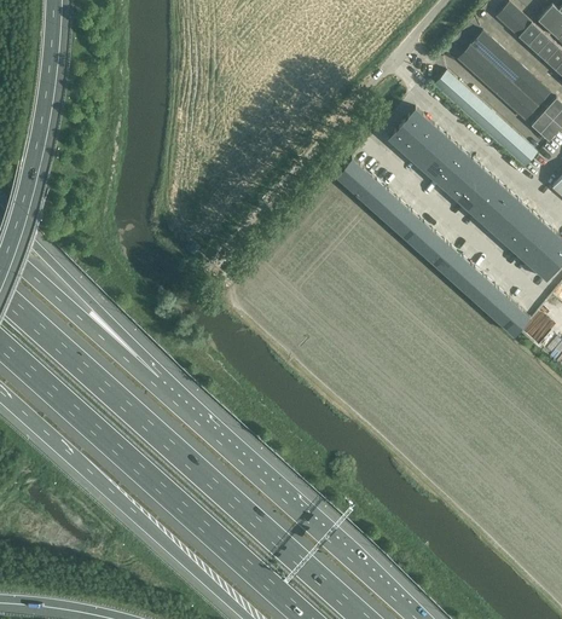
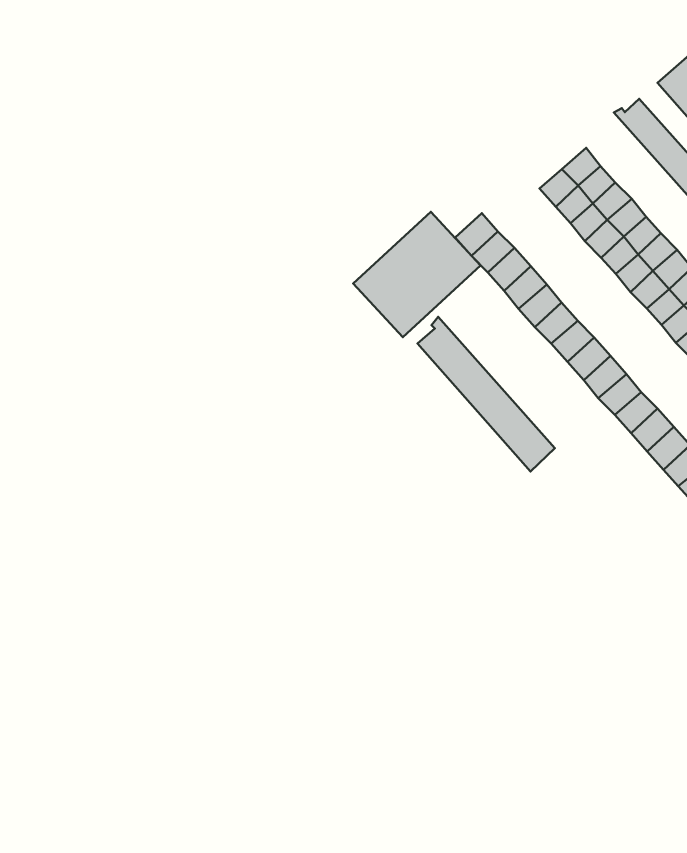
building: none -> [353,212,480,337]
building: none -> [418,317,555,471]

